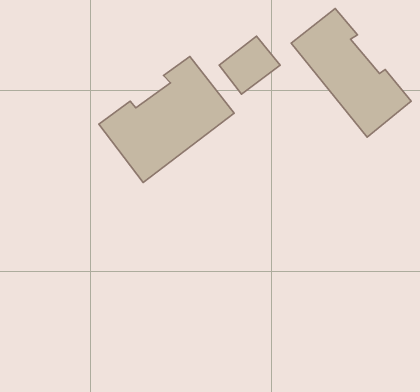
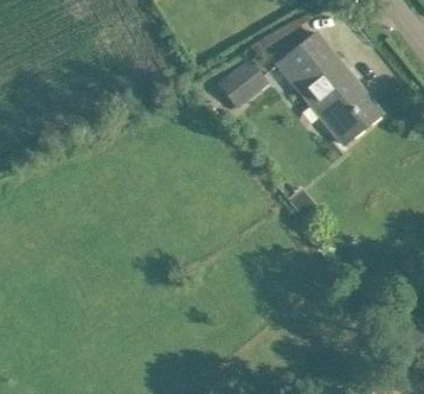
building: [99,56,234,183] -> none

